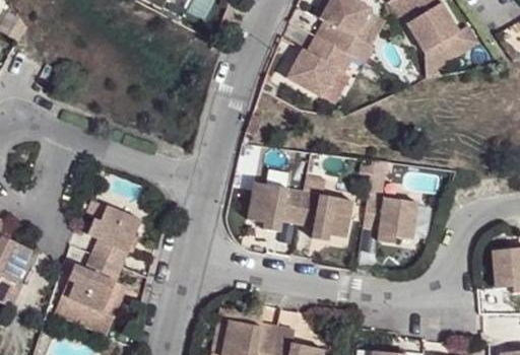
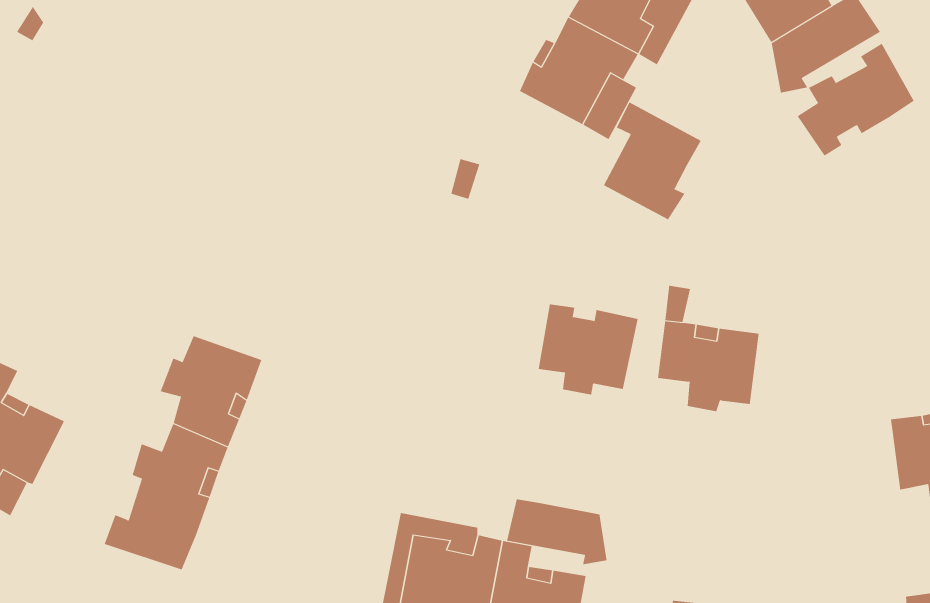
building: none -> [797,43,915,157]
building: none -> [603,102,702,220]
building: [247,182,302,231] -> none
building: none -> [507,498,607,565]

